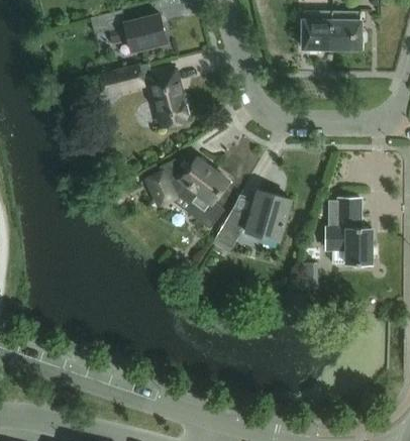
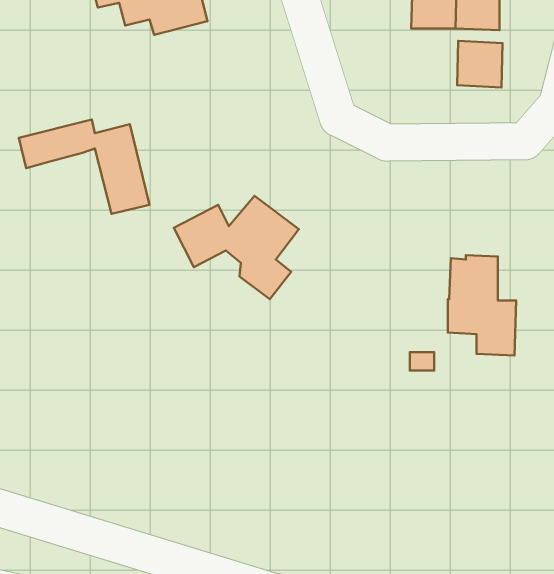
building: none -> [457,41,503,87]
building: [100,65,187,127] -> [19,120,149,214]
building: [214,191,290,250] -> none

